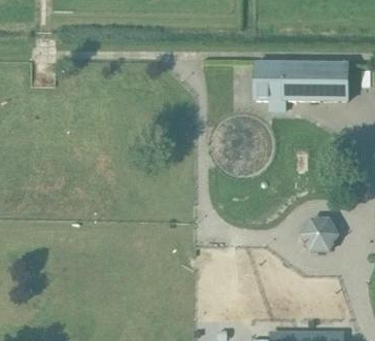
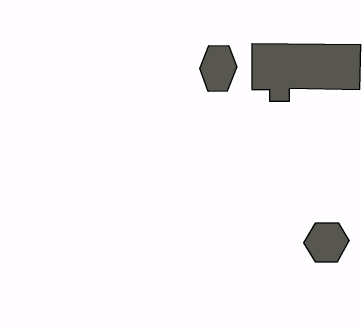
building: none -> [200,46,237,91]

